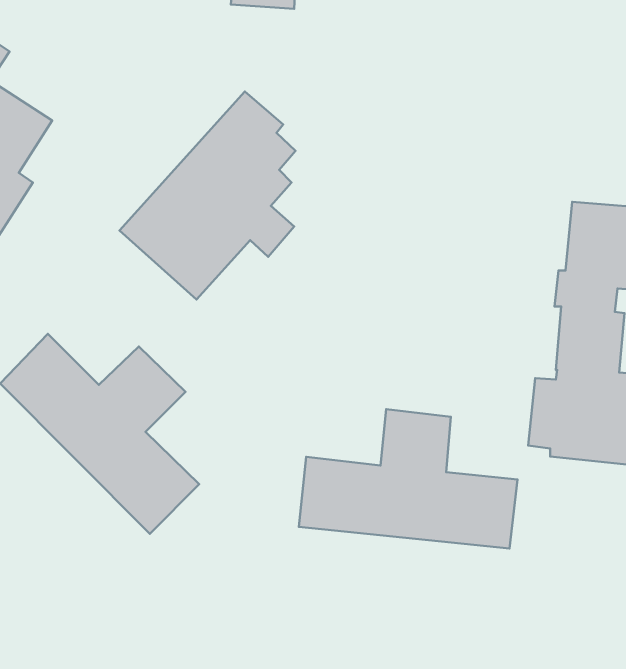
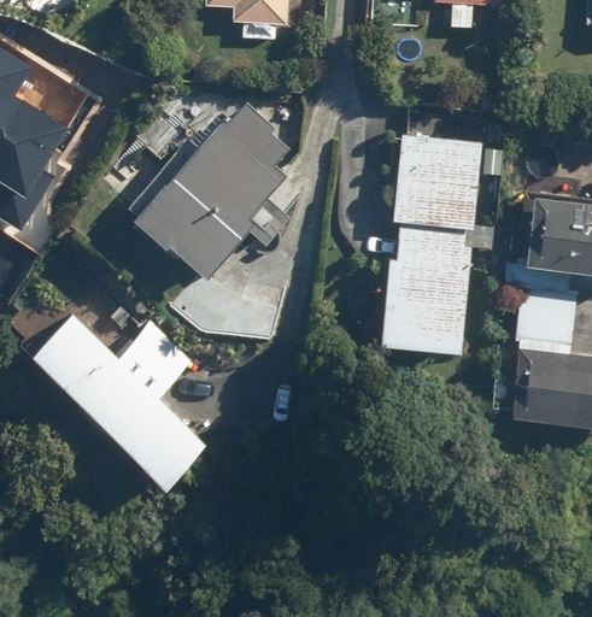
building: none -> [380,135,482,354]
building: [299,409,517,549] -> none

